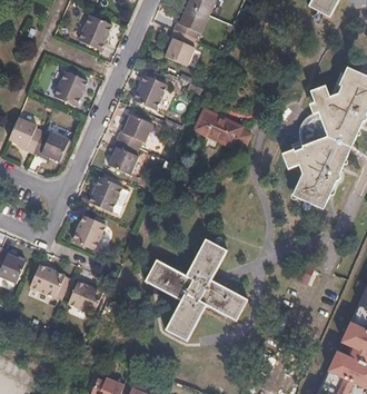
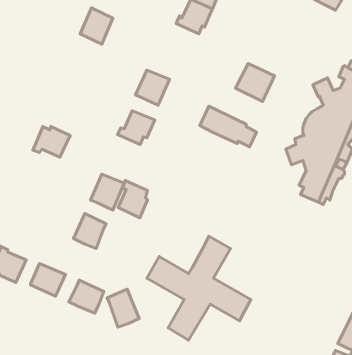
building: [167,28,198,63] -> none
building: none -> [235,64,274,101]
building: [57,70,89,105] -> none
building: [11,115,44,152] -> none
building: [111,137,140,174] -> [118,180,148,218]
building: none -> [107,289,139,327]

